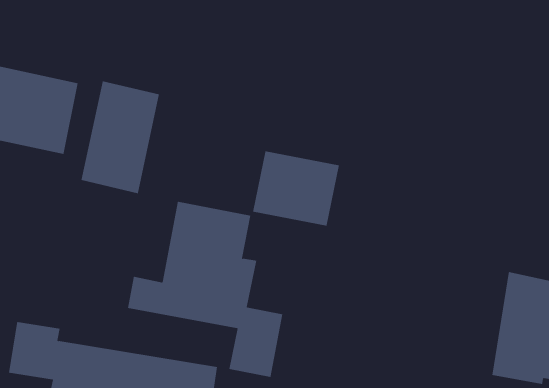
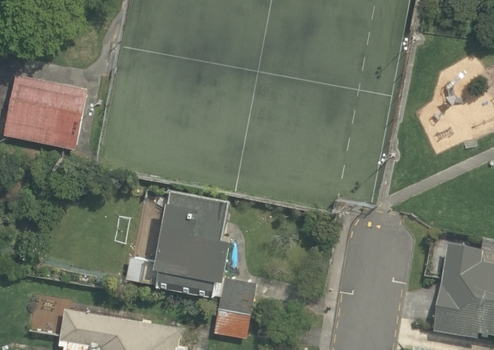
building: [81,80,159,194] -> none
building: [252,151,340,226] -> none

